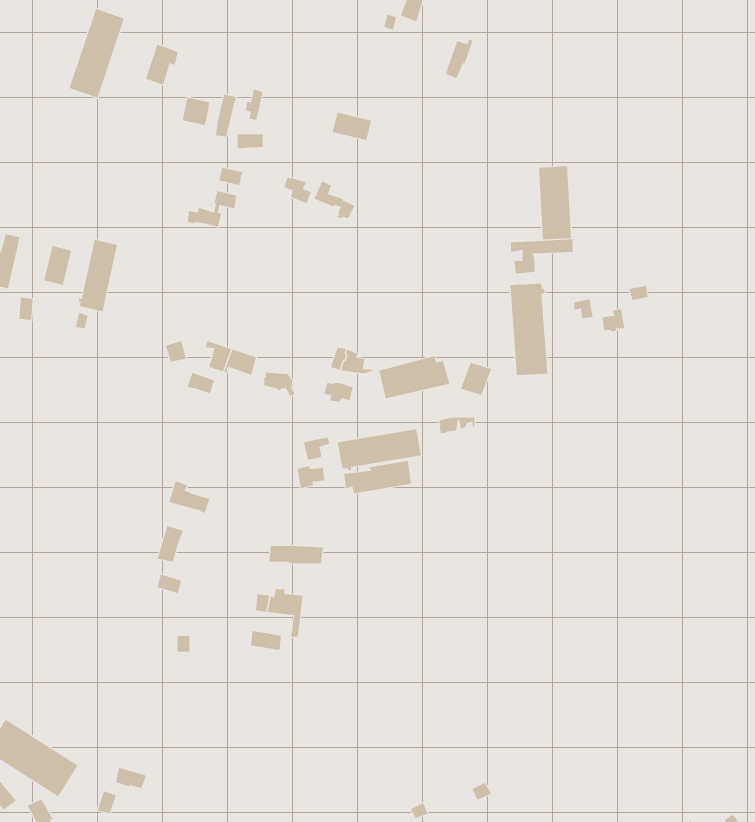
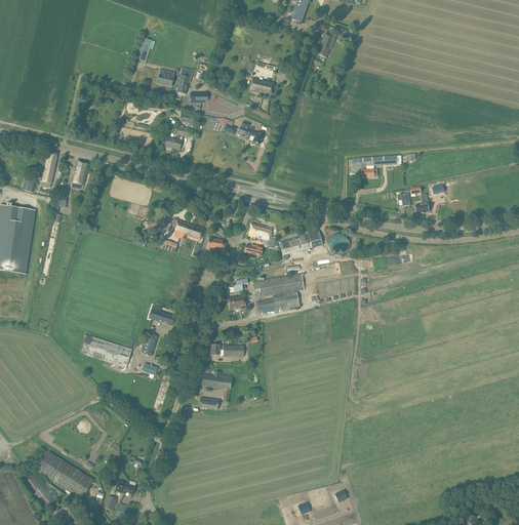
building: [69,8,125,98] -> none
building: [539,166,571,240] -> none
building: [78,239,118,312] -> none
building: [510,283,548,376] -> none
building: none -> [80,334,132,367]

